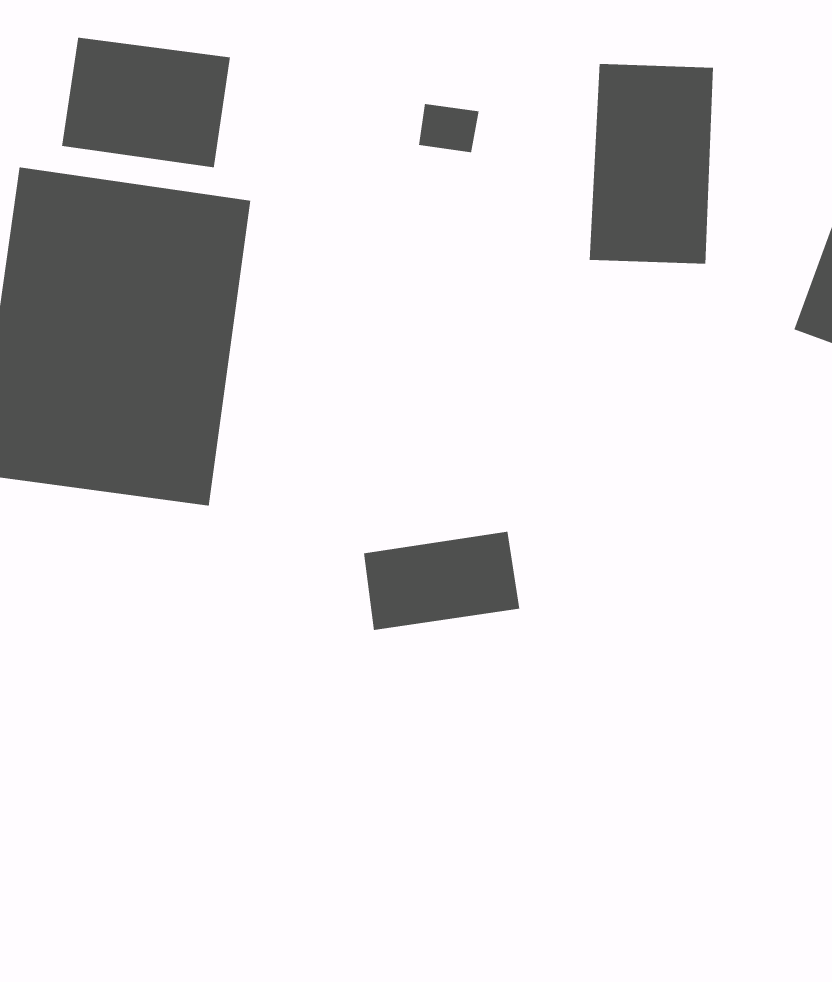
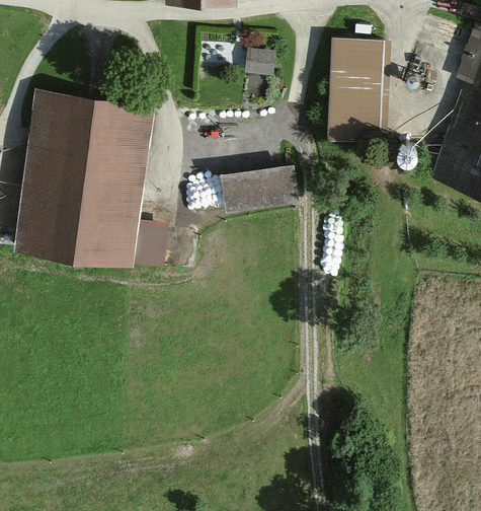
building: [62,37,231,168] -> none
building: [363,531,520,631] -> [219,163,299,214]

